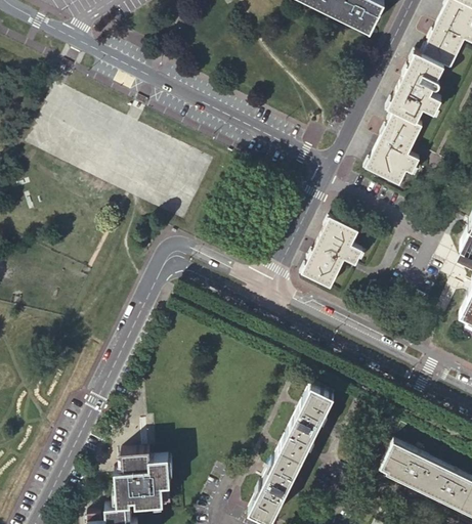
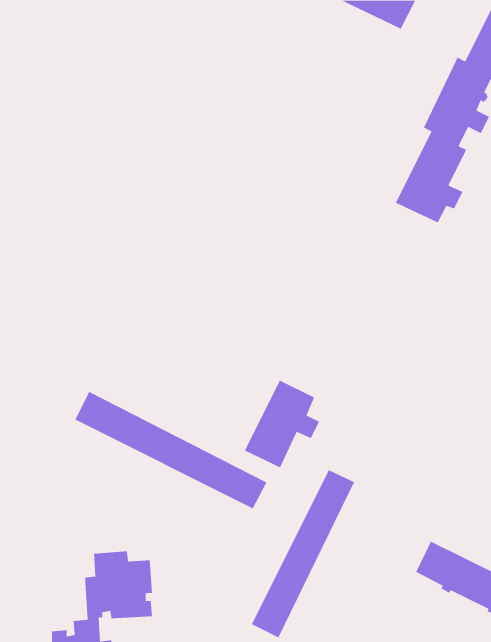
building: [301,218,362,290] -> [244,379,320,469]
building: none -> [74,391,268,509]

